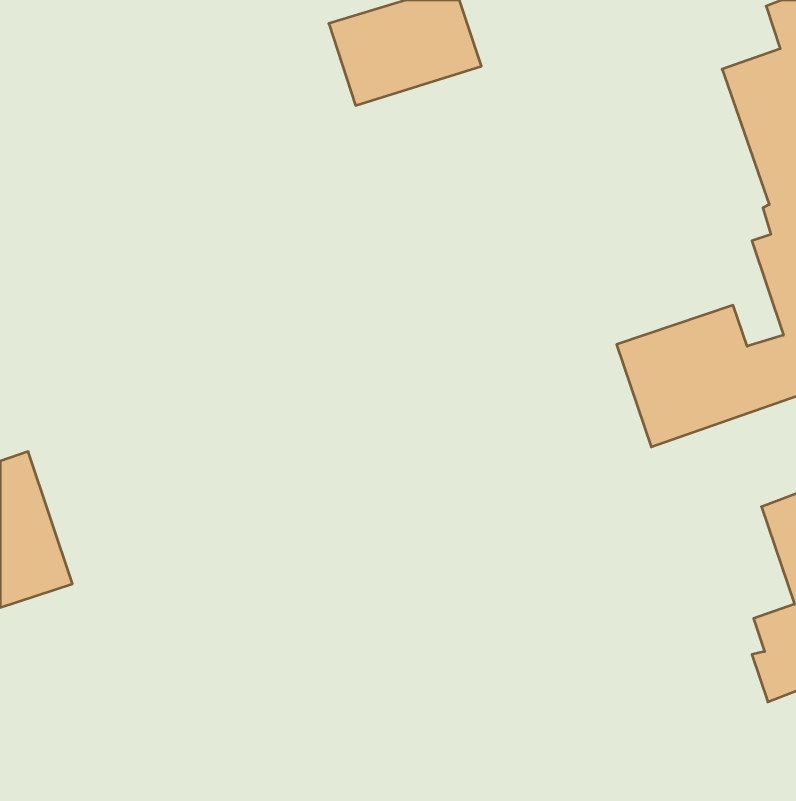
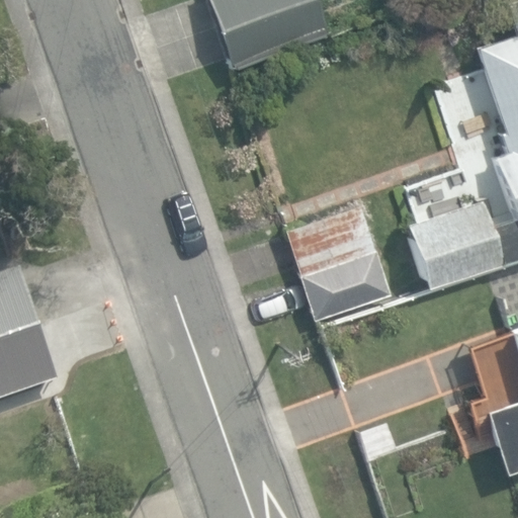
building: none -> [283,204,390,318]

